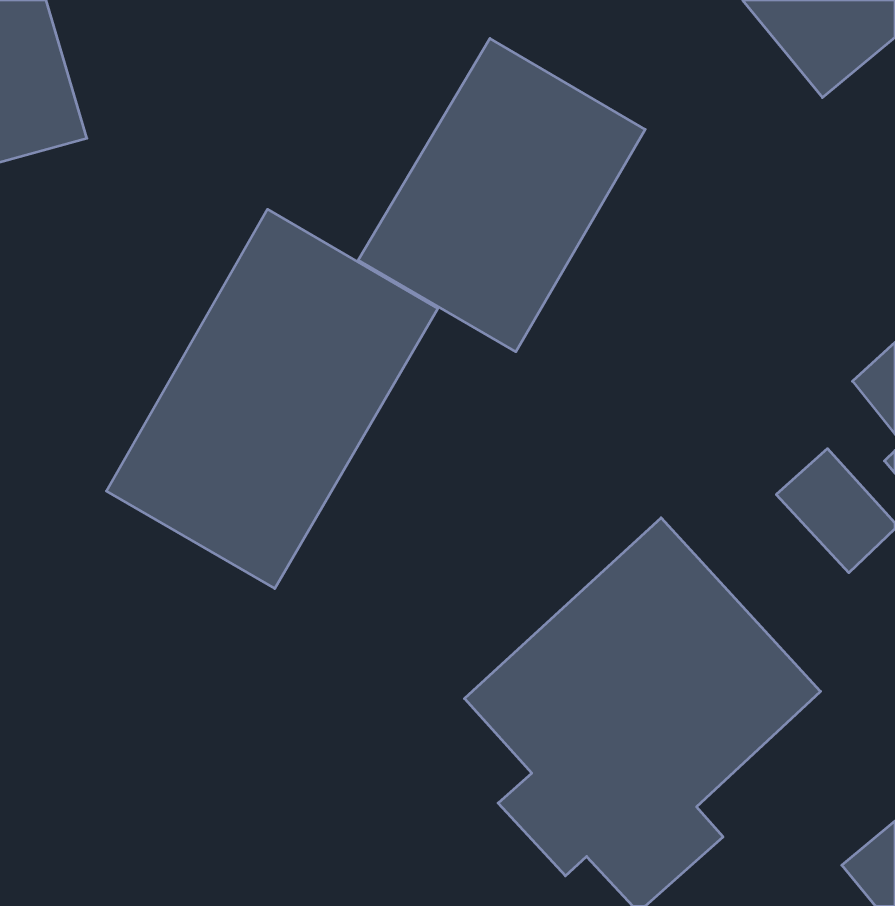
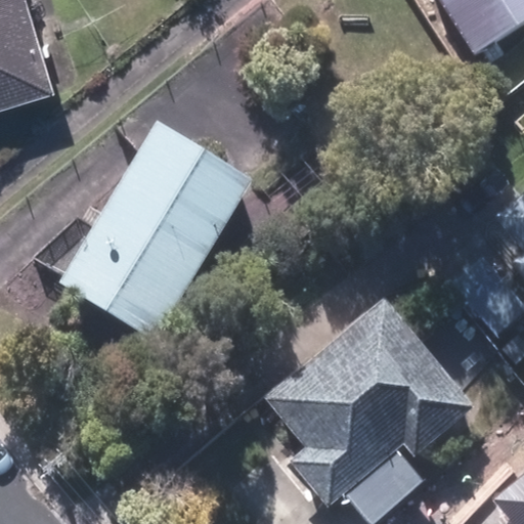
building: [358,38,645,352] -> none

